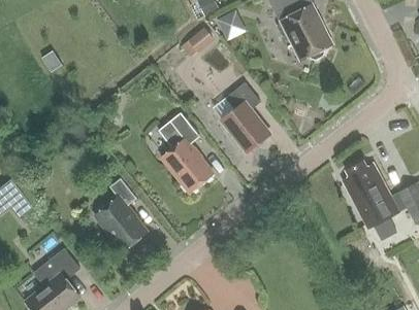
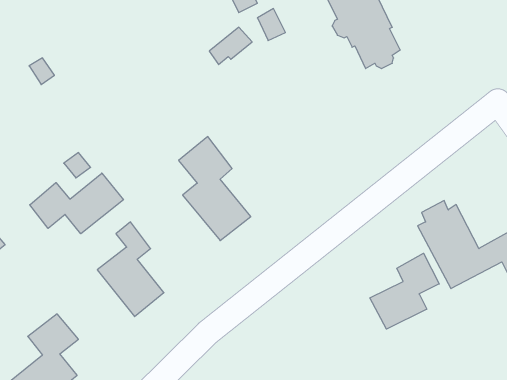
building: [222,81,269,151] -> none
building: none -> [30,173,123,234]
building: none -> [370,253,439,329]

